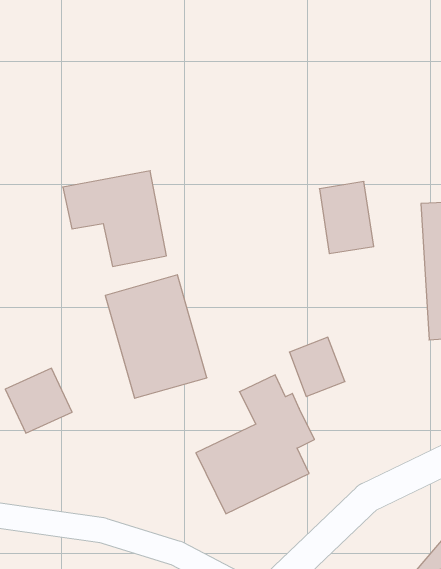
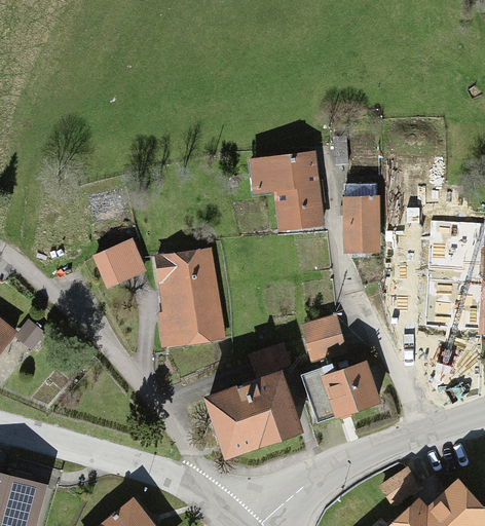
building: [63,171,166,266] -> [244,153,323,229]
building: [5,368,72,433] -> [91,242,145,294]
building: none -> [302,363,380,424]

